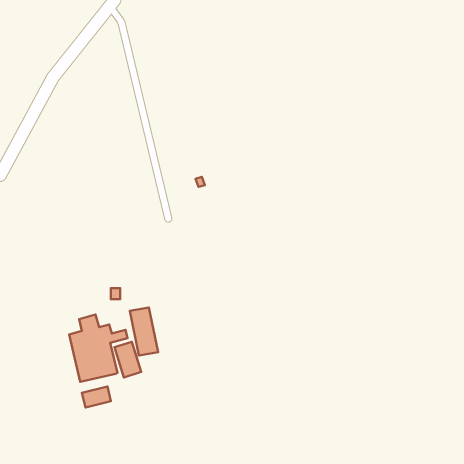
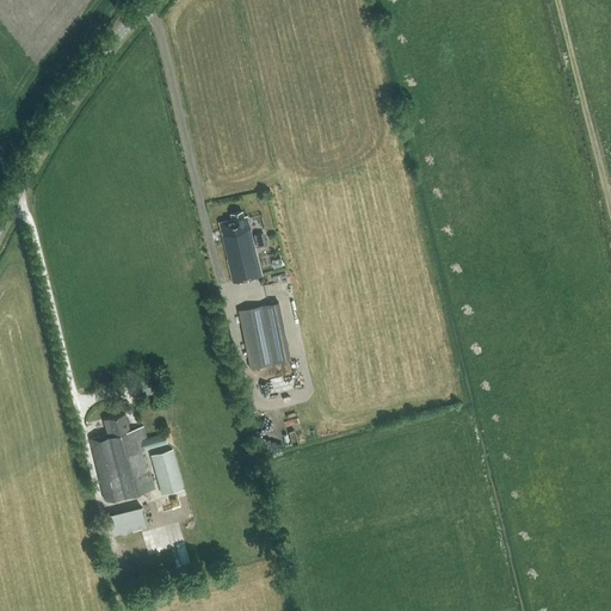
building: none -> [221,214,263,284]
building: [130,307,158,356] -> [239,307,276,370]

